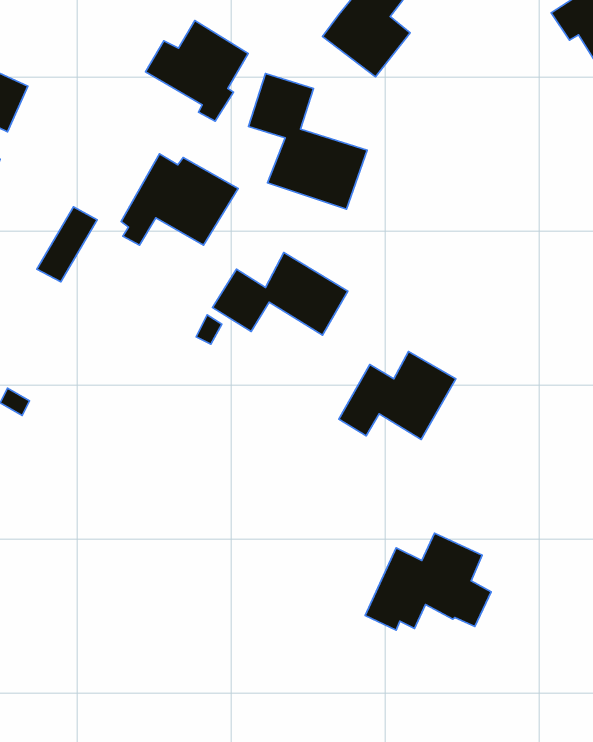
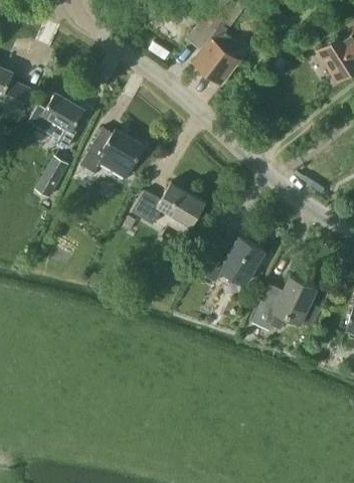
building: [146,21,248,121] -> [27,94,83,149]
building: [248,73,367,209] -> none
building: [365,533,491,630] -> [251,277,321,330]

